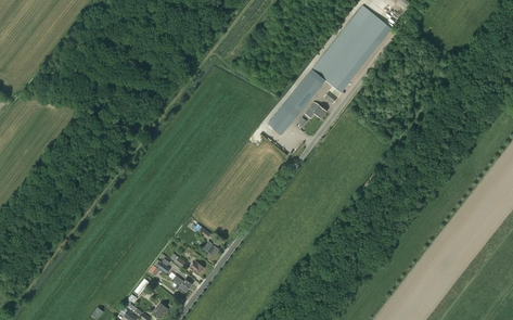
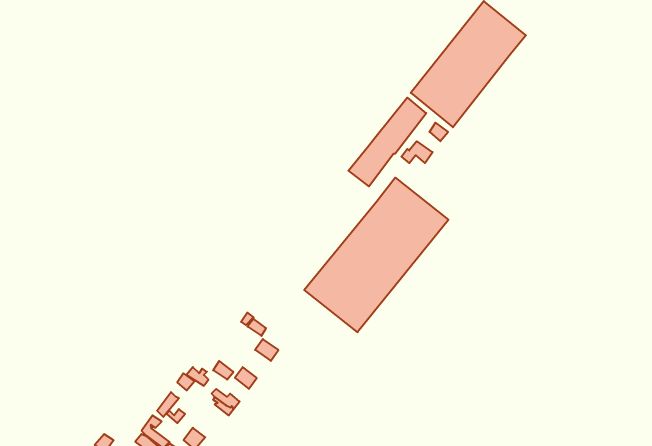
building: none -> [304,178,448,332]

